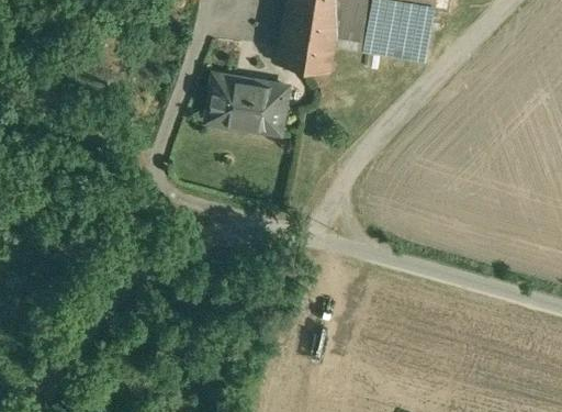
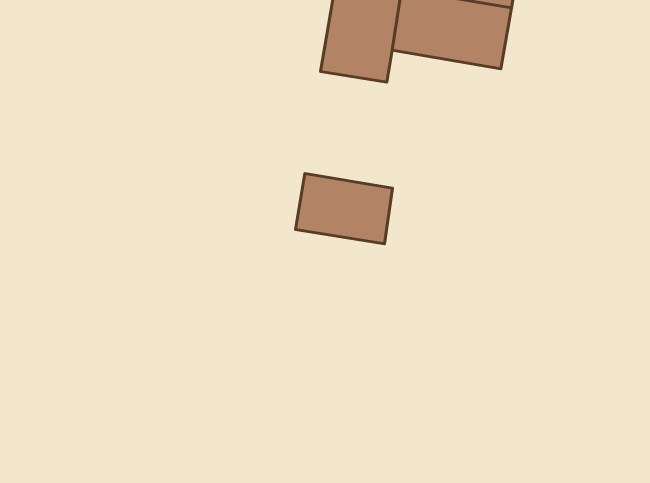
building: [207,74,288,132] -> [296,174,392,244]

